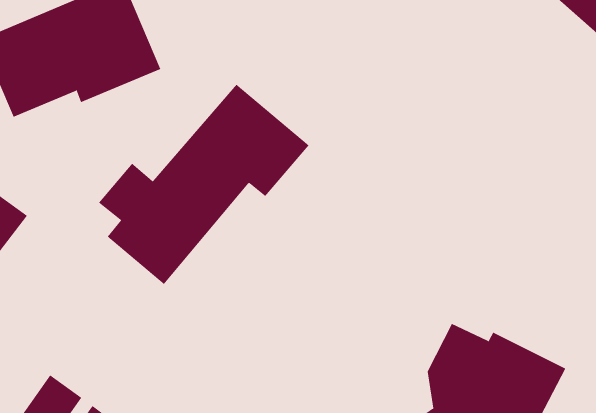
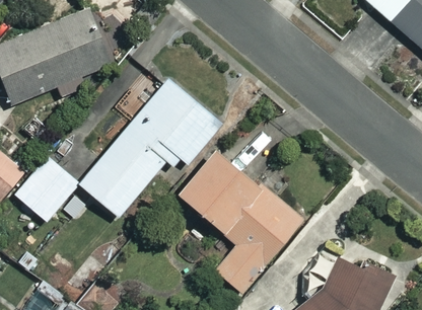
building: none -> [181,151,304,295]
building: none -> [14,156,86,222]

